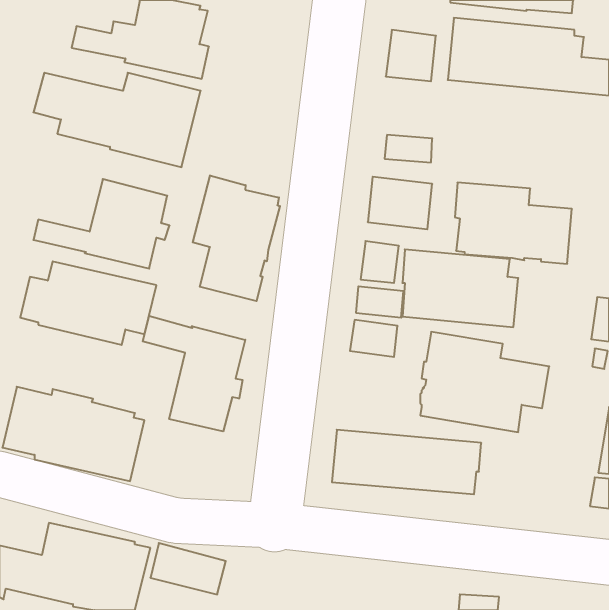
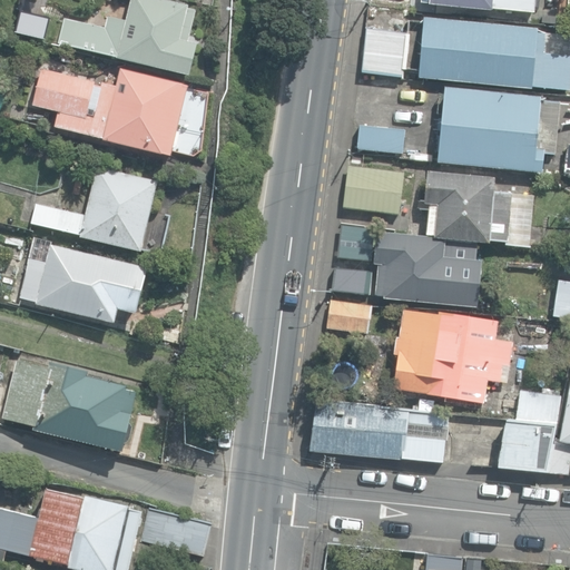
building: none -> [436,86,560,171]
building: [193,175,280,301] -> none
building: [143,316,245,431] -> none
building: none -> [495,391,556,471]

